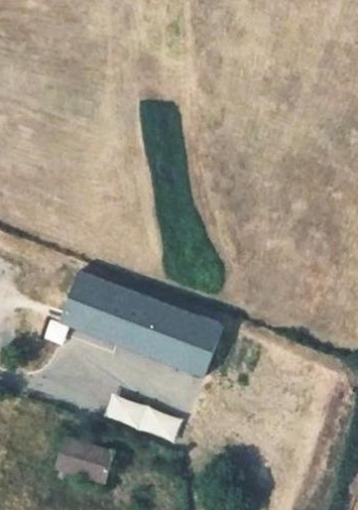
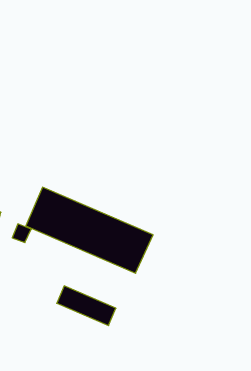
building: [56,433,114,482] -> none

